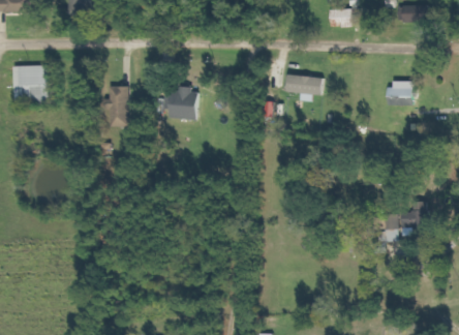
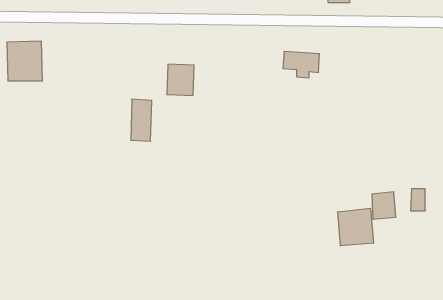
building: [389,80,411,102] -> none
building: [106,85,127,126] -> [131,99,152,141]
building: none -> [338,208,373,246]

